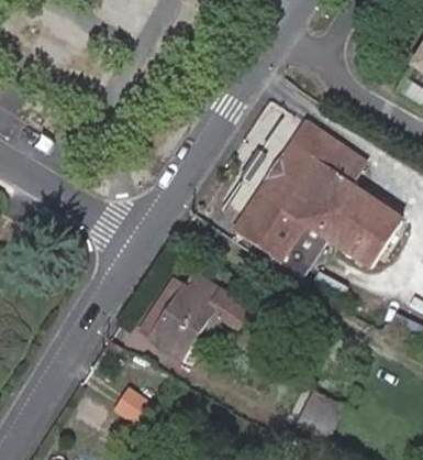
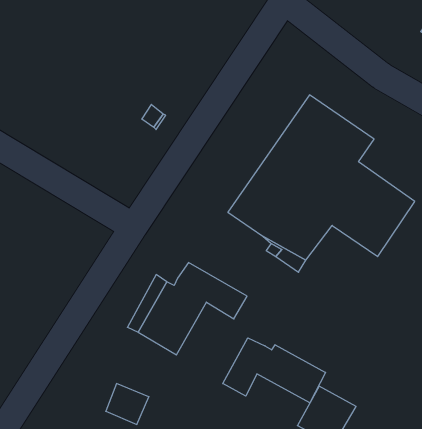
building: none -> [223,338,326,403]

